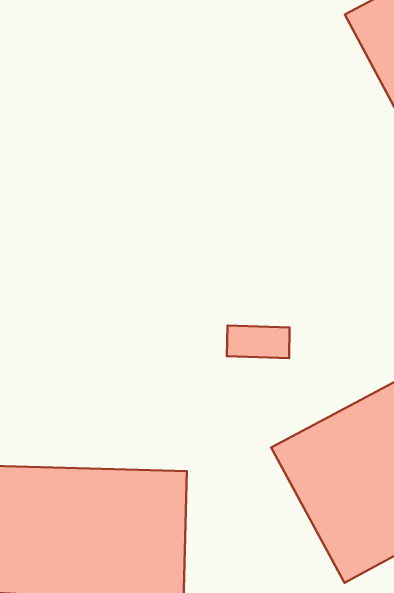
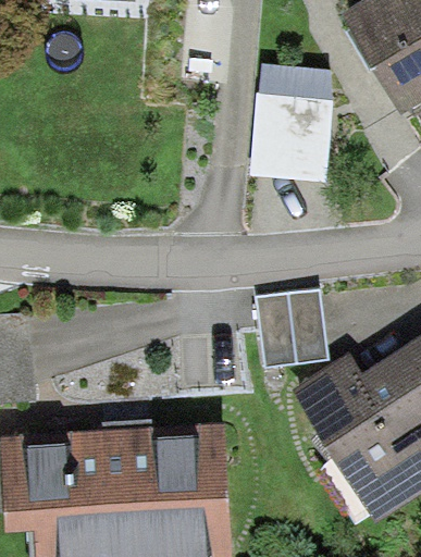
building: none -> [248,92,334,180]

